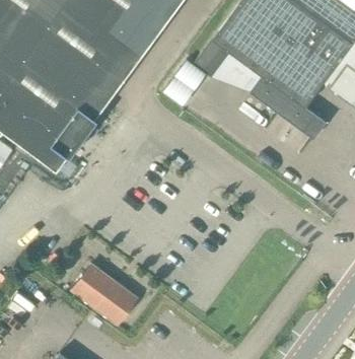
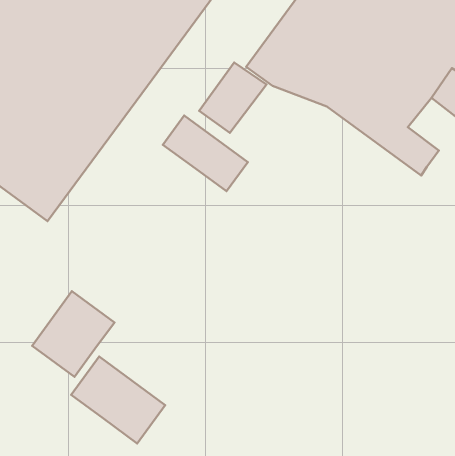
building: none -> [163,116,248,191]
building: none -> [32,291,114,377]

